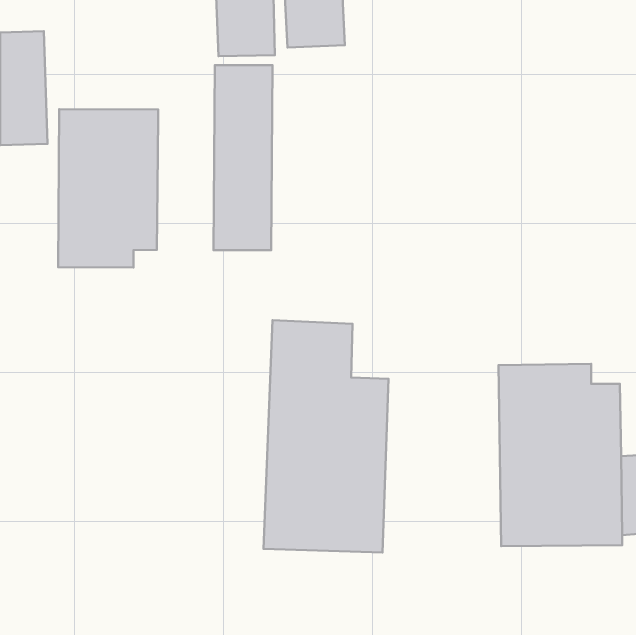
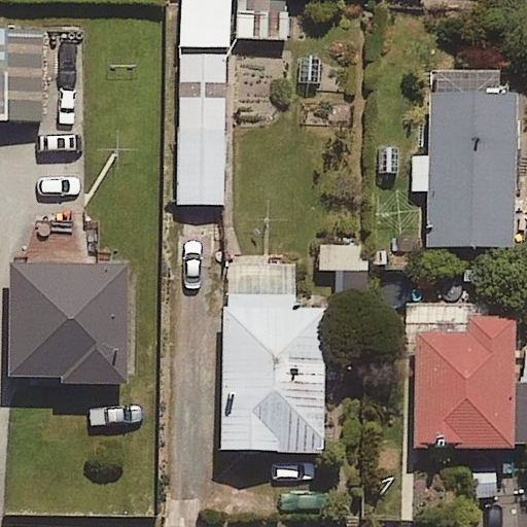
building: none -> [415,65,517,248]
building: [58,109,158,268] -> none
building: none -> [10,259,128,384]

